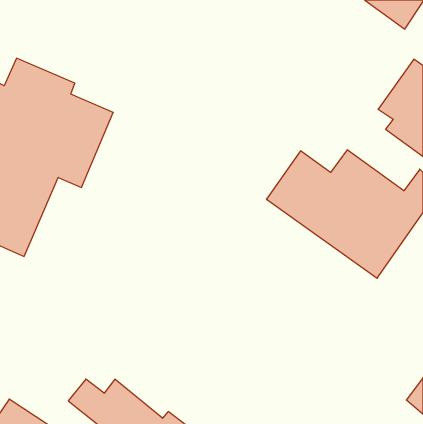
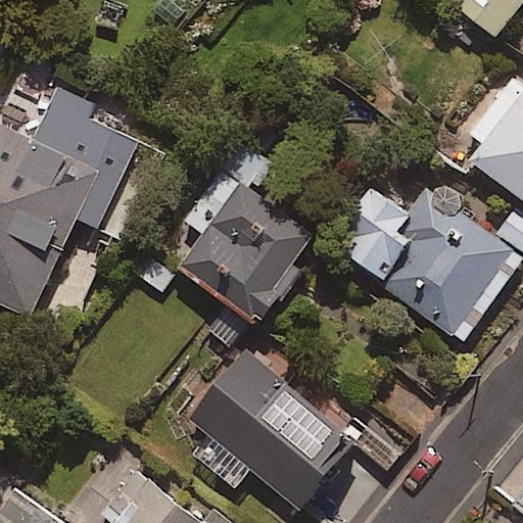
building: none -> [180,146,322,326]
building: none -> [186,349,355,509]

